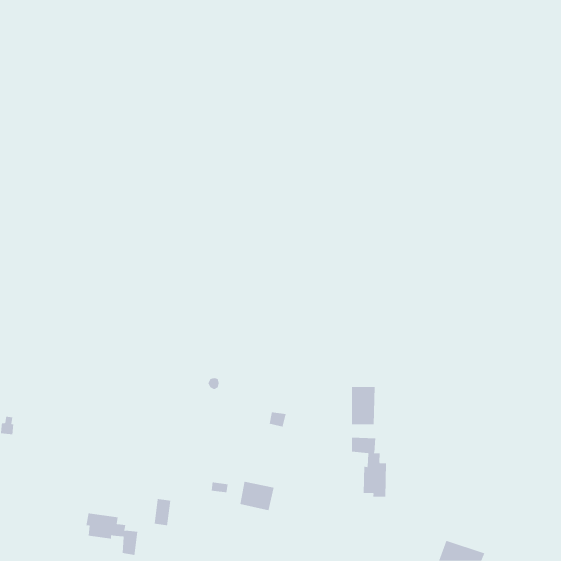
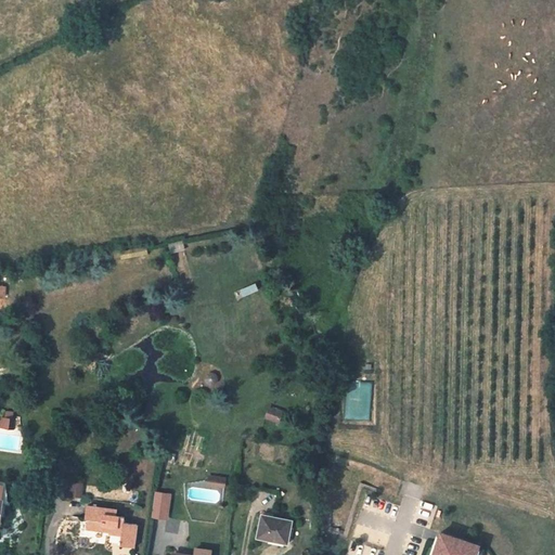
building: [351,437,387,498] -> none
building: [240,481,275,511] -> [257,515,292,544]

